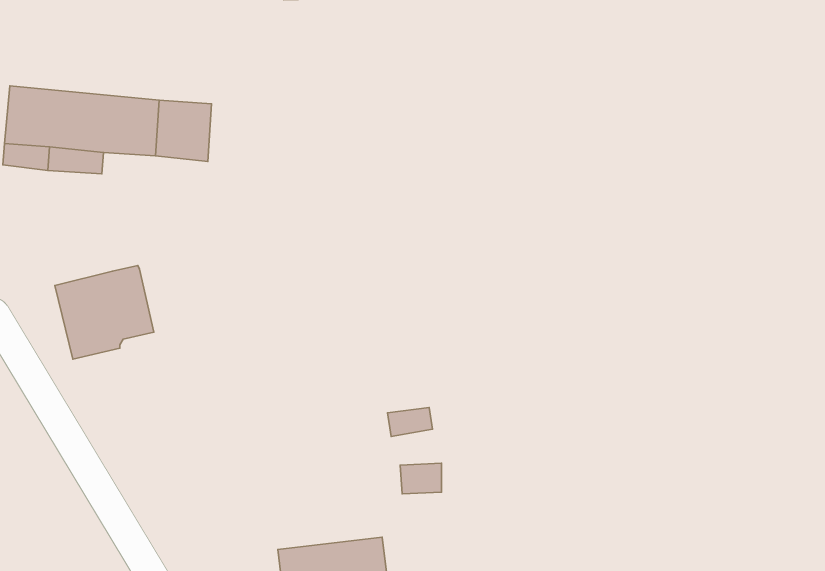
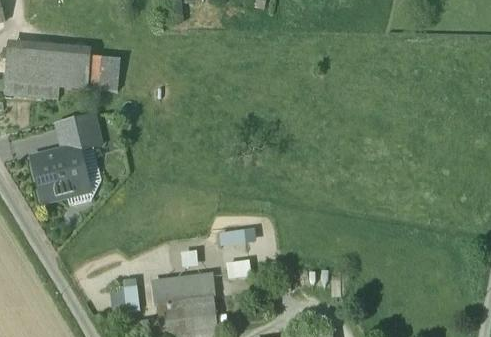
building: none -> [57,117,99,153]
building: none -> [153,276,214,308]
building: none -> [107,285,137,311]

